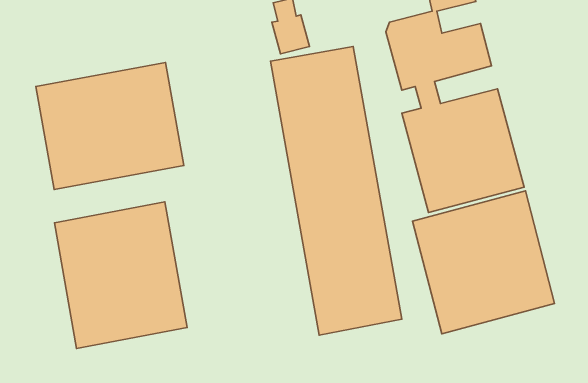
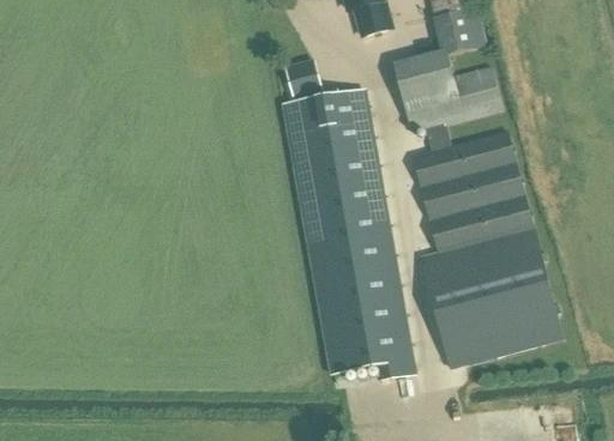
building: [36,62,184,190] -> none
building: [54,202,187,348] -> none

